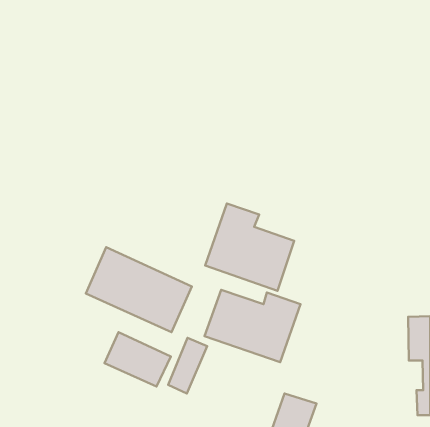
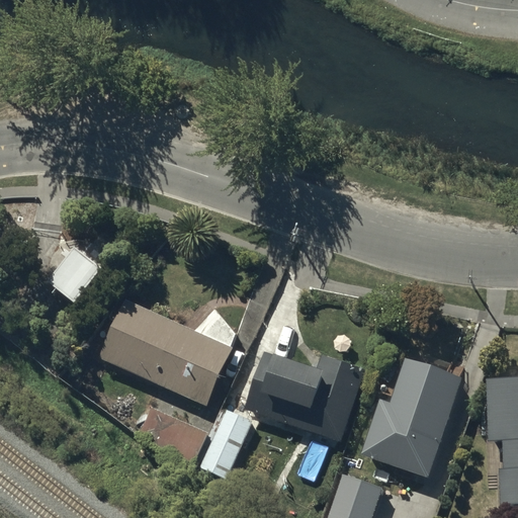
building: none -> [48,245,101,300]
building: [205,204,294,291] -> none
building: none -> [363,359,458,472]

